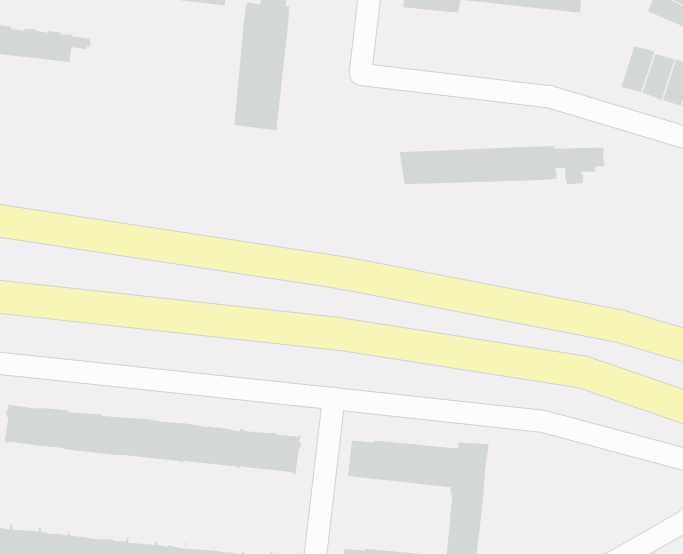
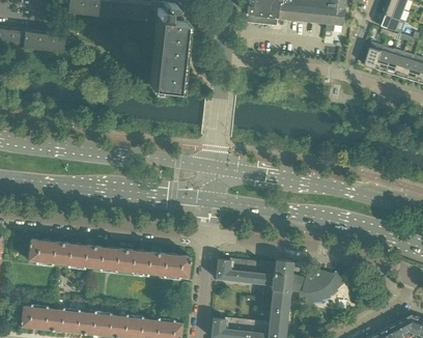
building: [399,145,605,185] -> none
building: none -> [289,270,343,303]

